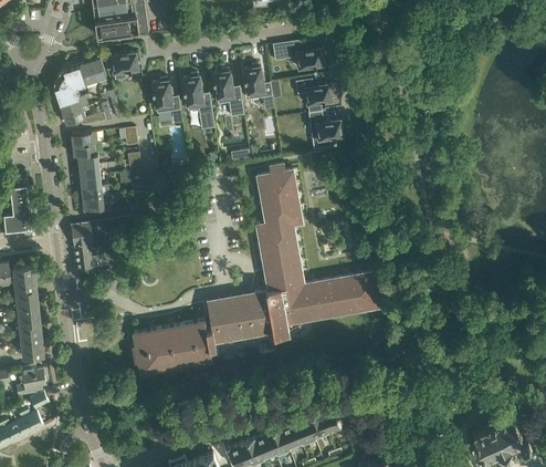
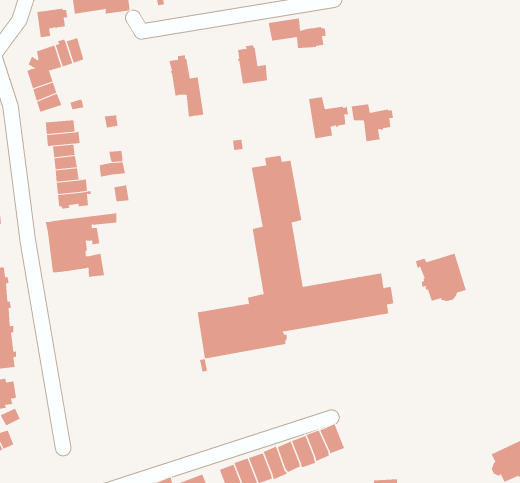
building: [112,53,140,81] -> [36,8,68,39]
building: [213,70,244,117] -> none
building: [153,79,181,114] -> none
building: [295,80,334,114] -> [351,104,394,142]
building: none -> [415,253,467,302]
building: [133,320,214,373] -> none

